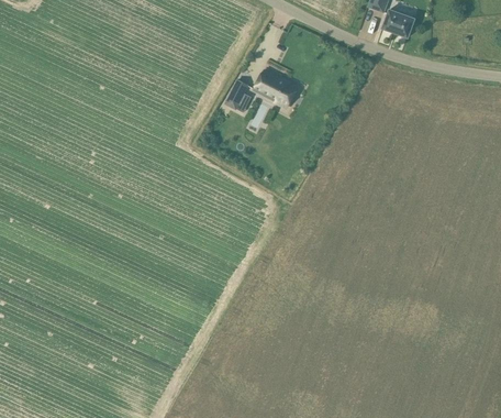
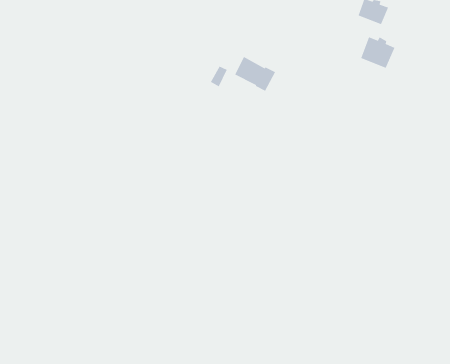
building: none -> [360,36,395,69]

